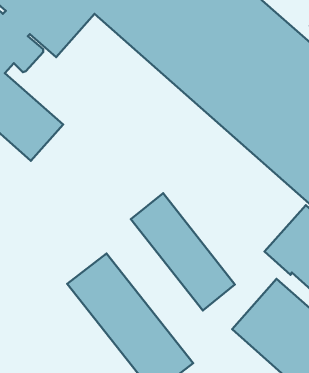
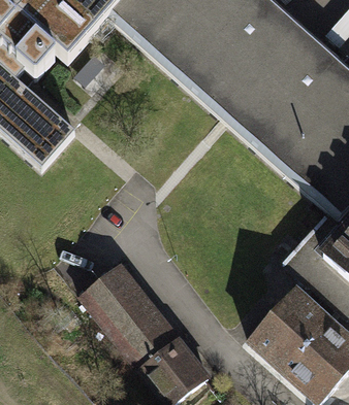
building: [131,193,235,310] -> none

